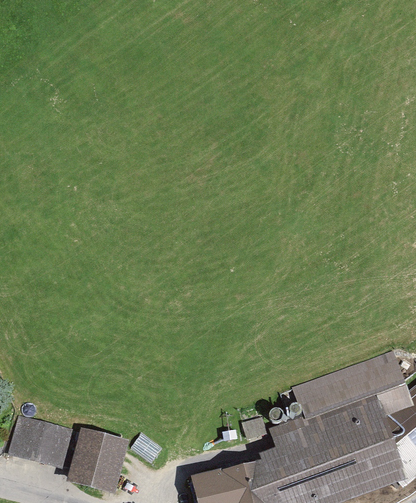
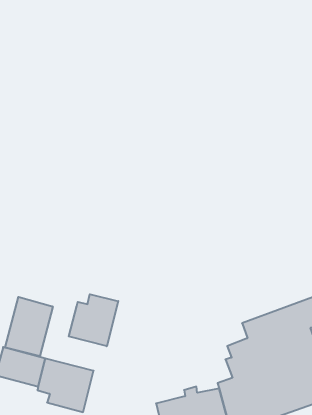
building: none -> [69,294,118,346]
building: none -> [5,297,53,356]

